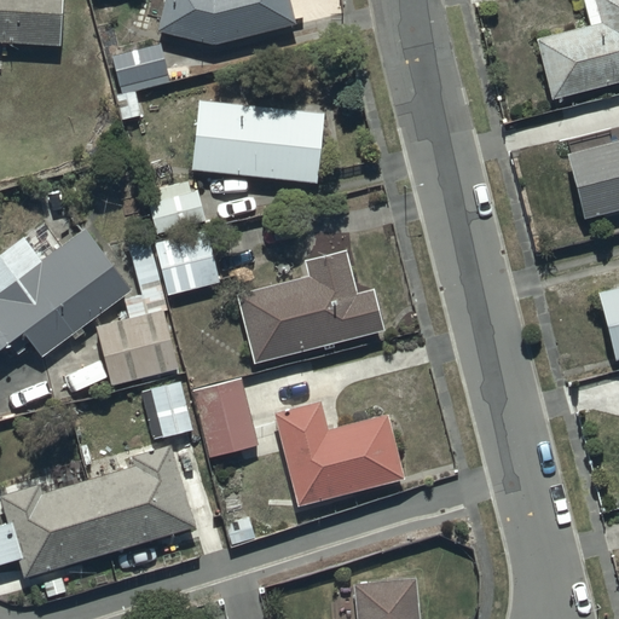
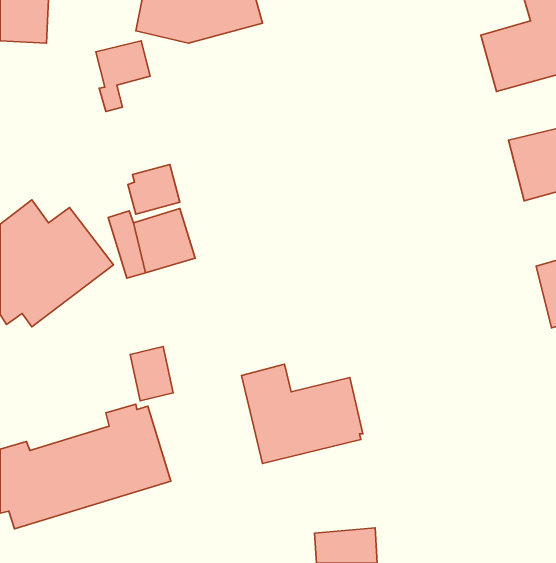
building: [190,99,323,183] -> none
building: [236,249,382,365] -> none
building: [96,301,181,387] -> none
building: [195,378,261,457] -> none

